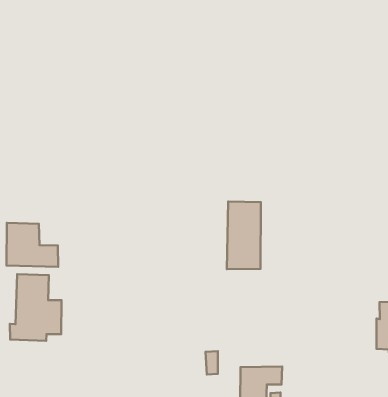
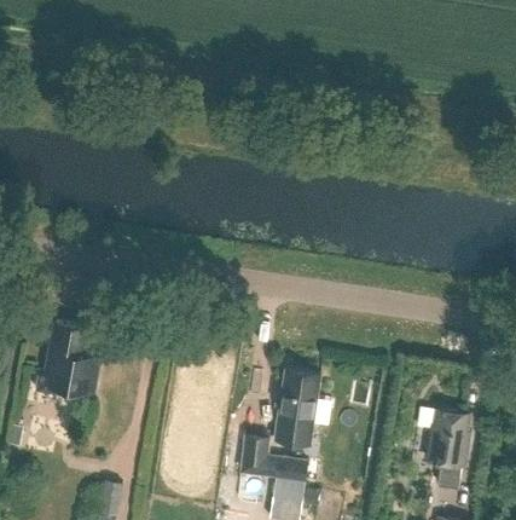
building: [227,201,261,269] -> [273,370,320,447]
building: [6,223,58,267] -> none

